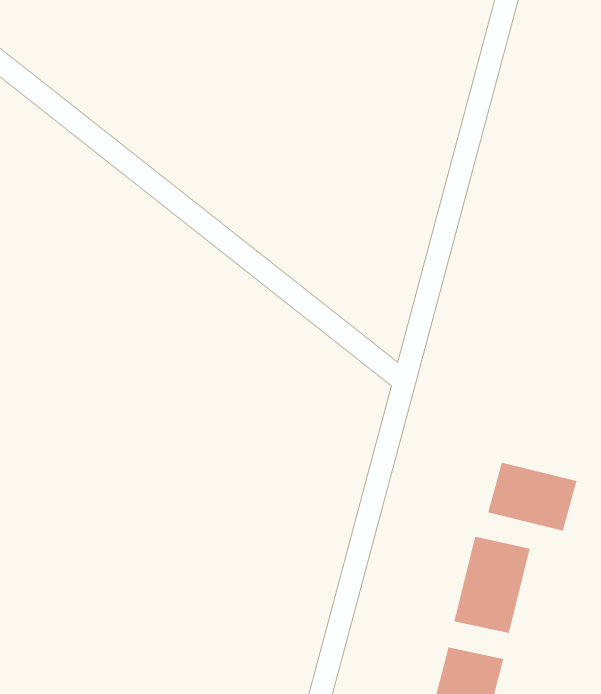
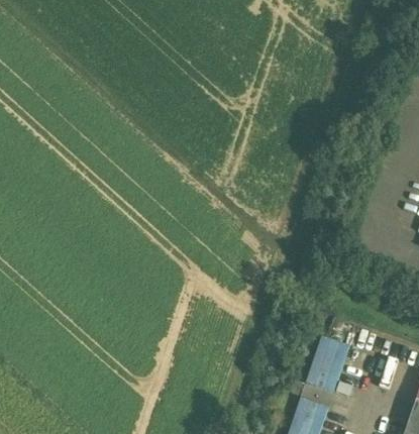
building: [487,462,577,532] -> none

